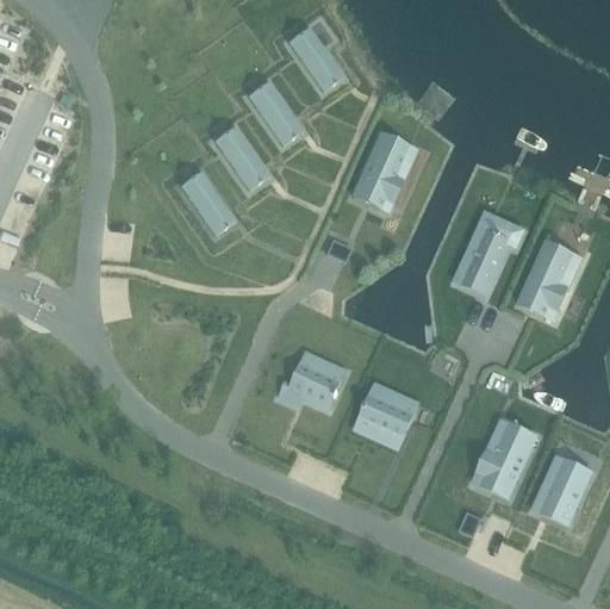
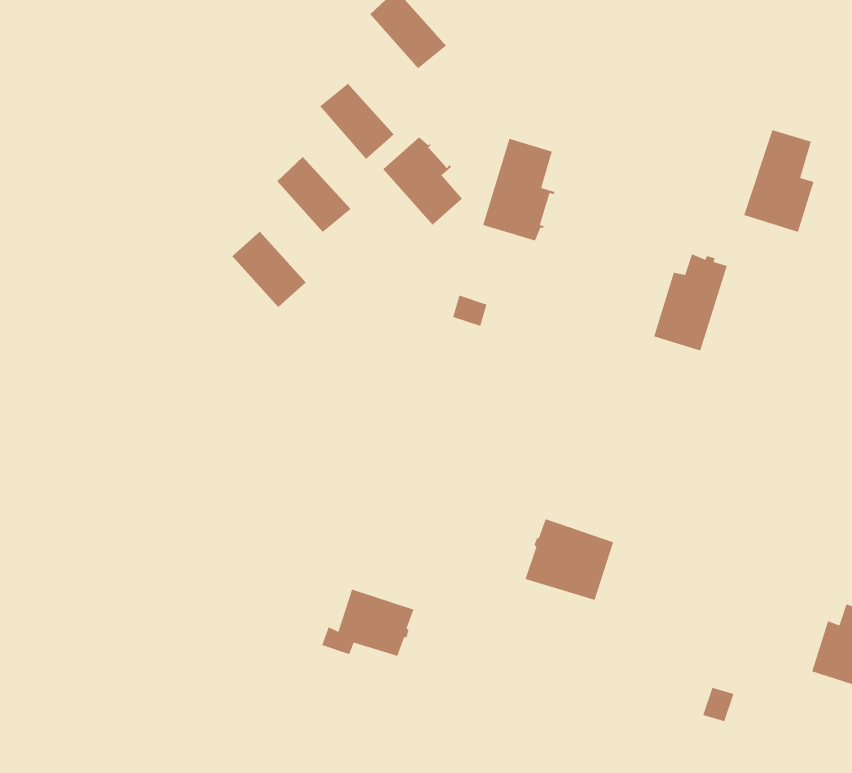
building: none -> [382,137,463,225]
building: [518,247,568,316] -> [743,129,815,233]
building: [279,356,342,404] -> [321,589,414,657]
building: [473,428,533,495] -> none

